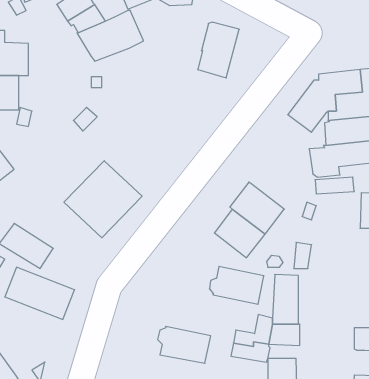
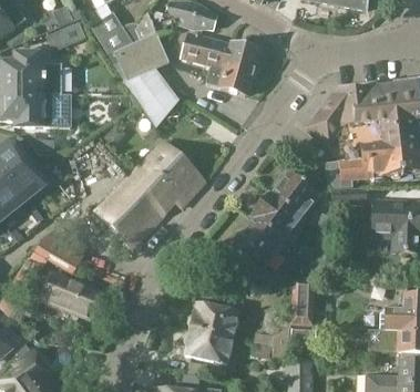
building: none -> [183,33,231,70]
building: none -> [124,68,180,126]
building: none -> [133,140,205,206]
building: none -> [272,172,319,218]
building: [209,266,264,304] -> [187,301,238,337]

